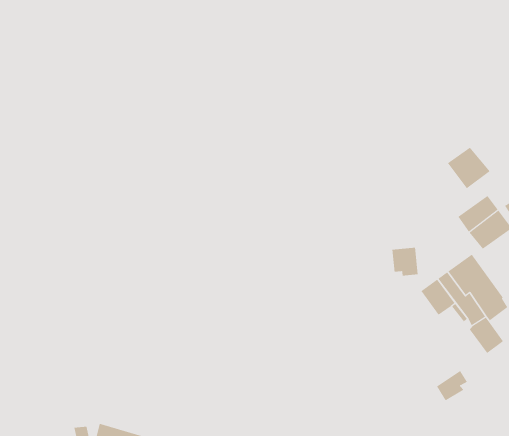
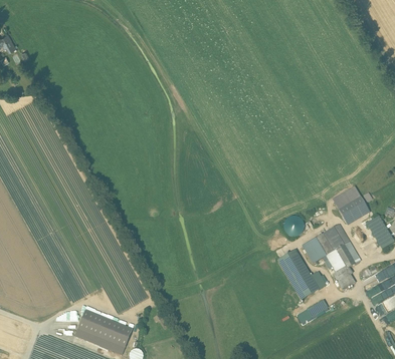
building: [447,147,490,189] -> none
building: none -> [278,250,319,299]

